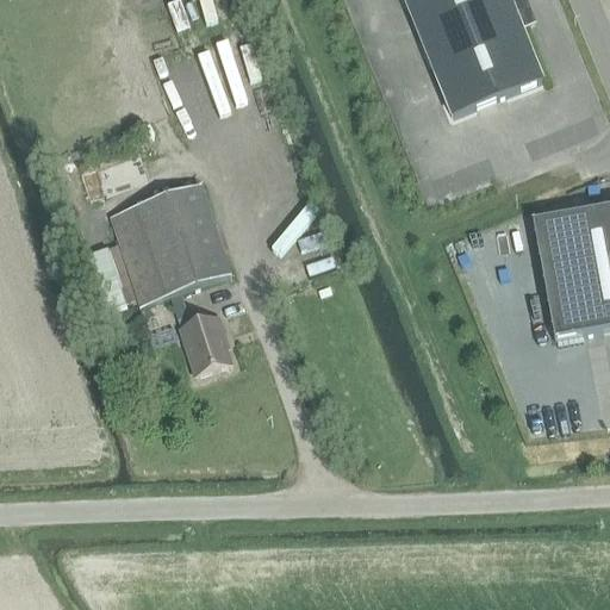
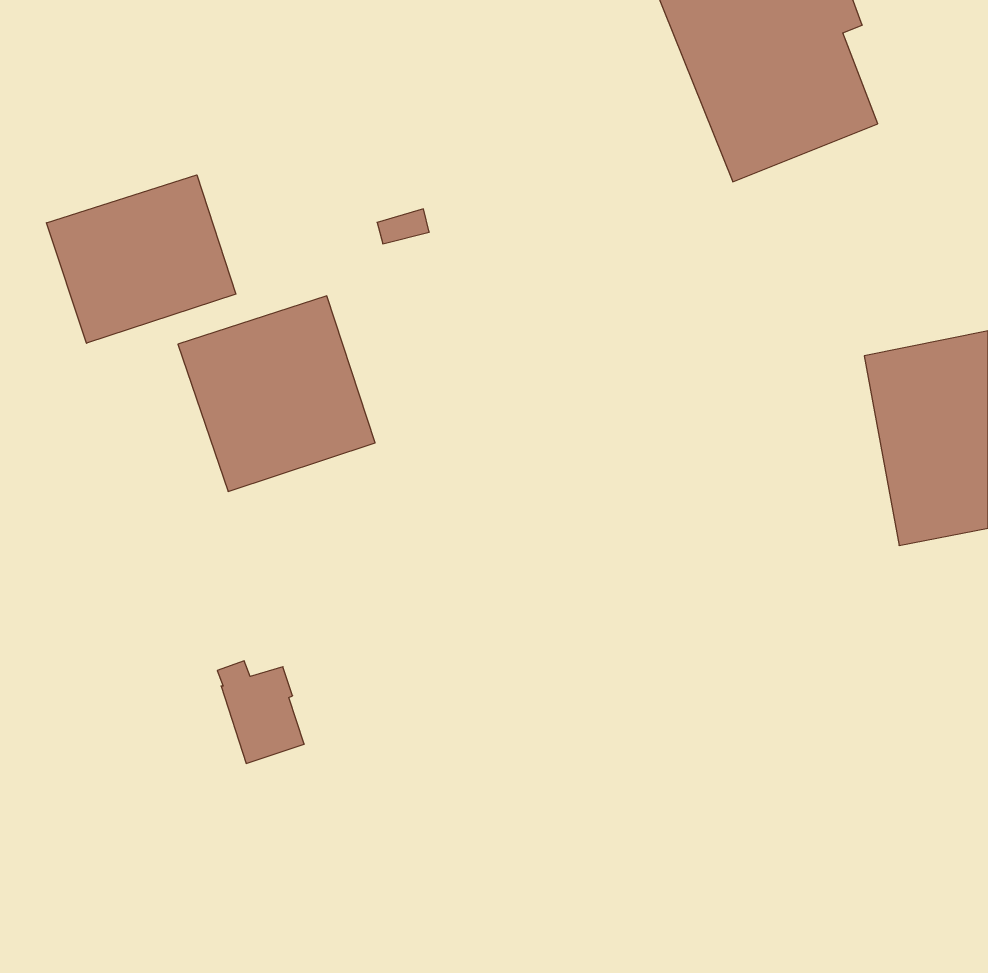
building: none -> [46,175,236,343]
building: [178,310,231,373] -> [217,661,304,763]

